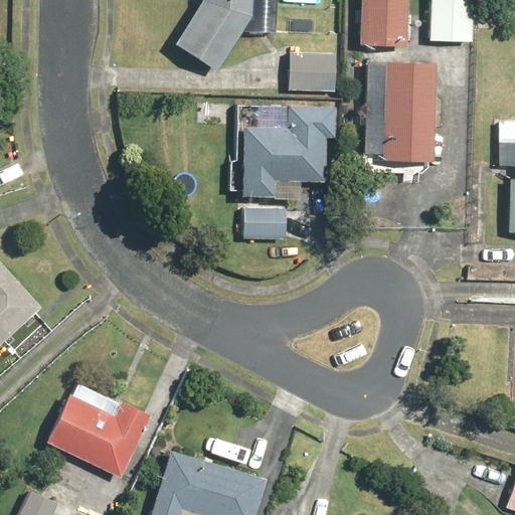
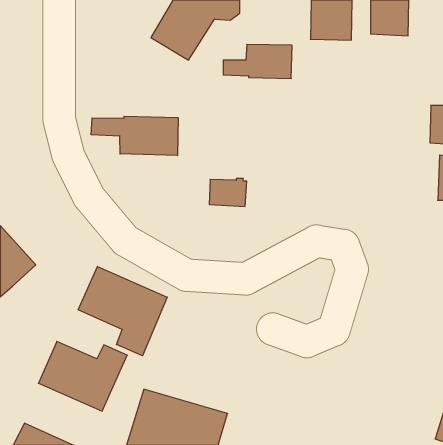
building: [364,60,436,177] -> none
building: [240,109,337,197] -> none
building: none -> [91,116,178,156]
building: none -> [78,266,167,356]

